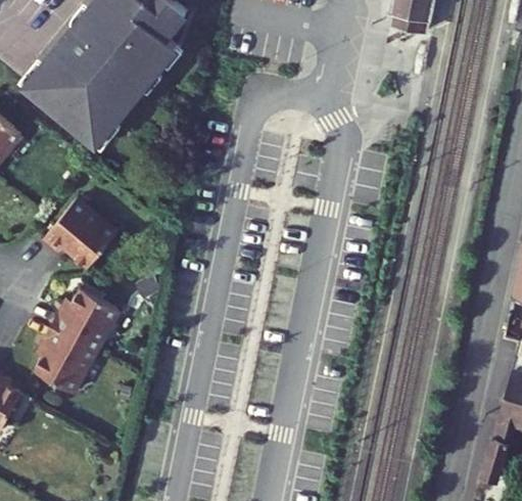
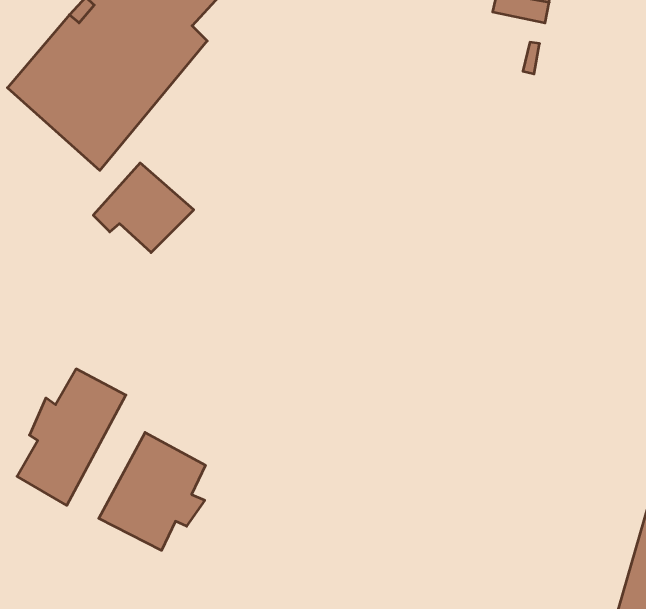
building: [43,199,117,266] -> [93,163,194,253]
building: none -> [99,432,205,550]

